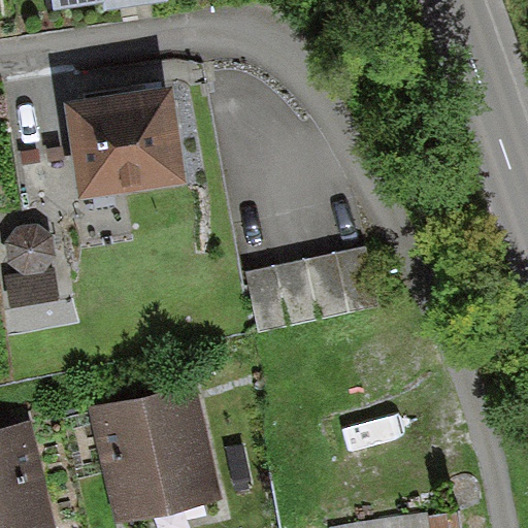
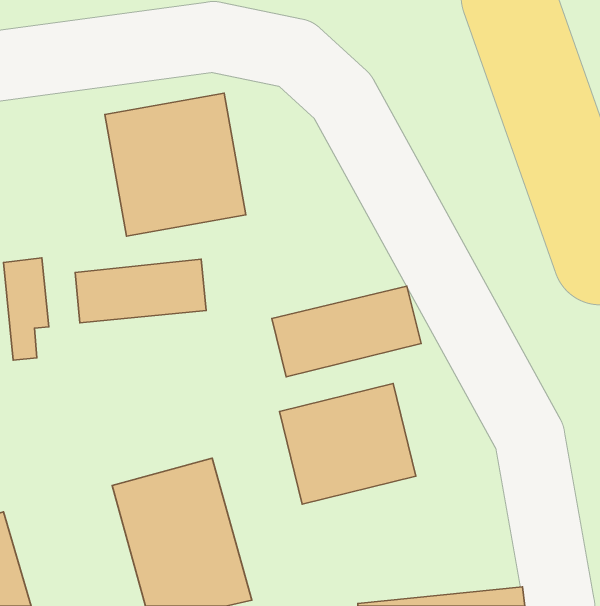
building: none -> [75,259,206,323]
building: none -> [280,383,416,504]

